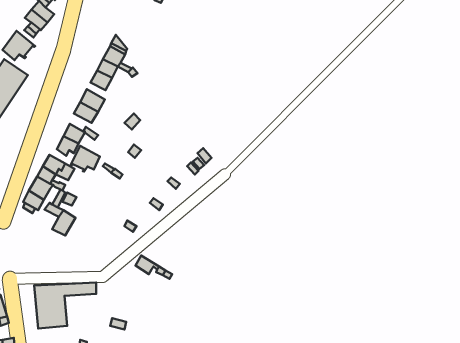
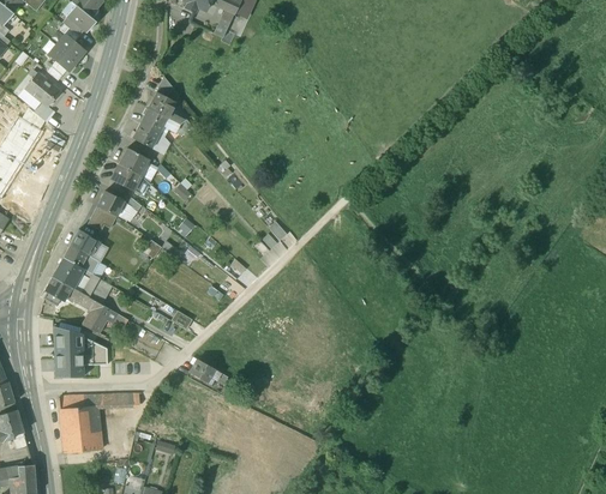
building: [70,146,100,172] -> none
building: none -> [53,326,107,376]

